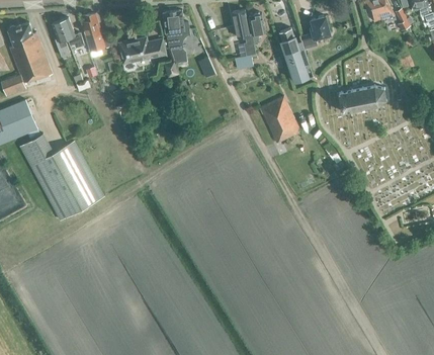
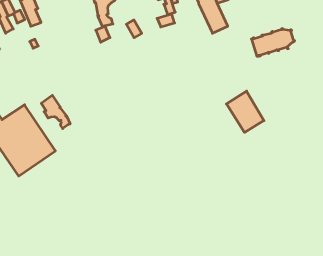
building: [120,38,165,72] -> none
building: [260,96,300,143] -> [226,91,264,132]
building: none -> [41,95,70,129]

